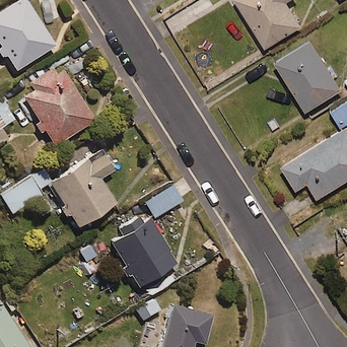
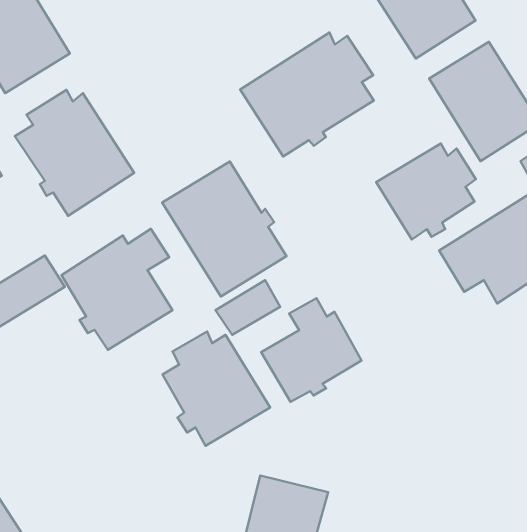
building: none -> [240,33,374,157]
building: none -> [376,144,476,239]
building: none -> [162,162,286,296]
building: none -> [261,298,361,402]

